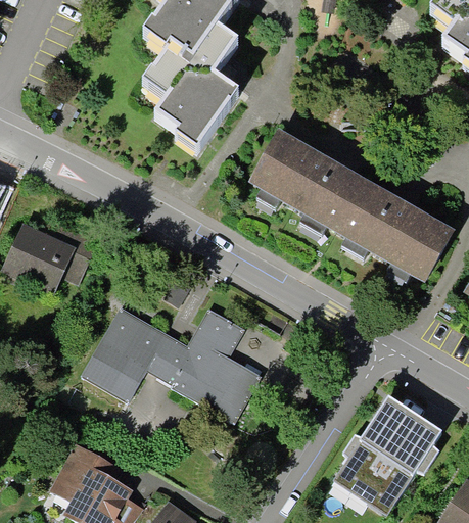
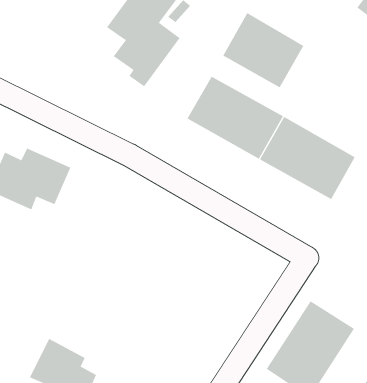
building: none -> [223,12,304,88]
building: [84,306,264,422] -> none

